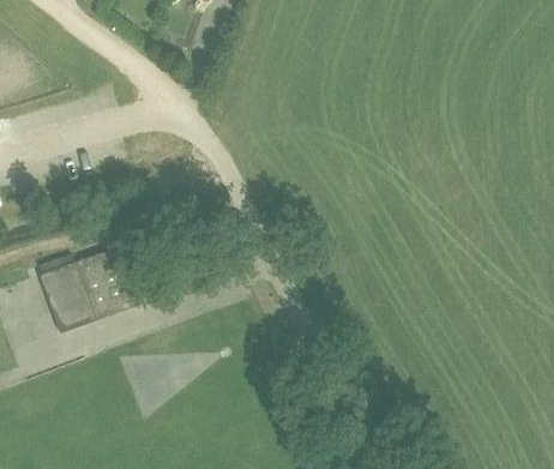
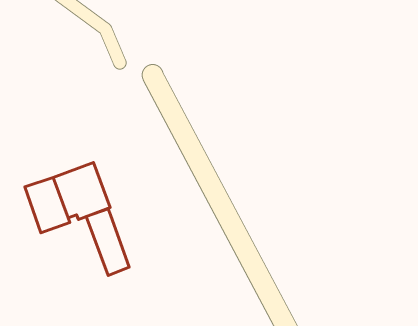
building: none -> [86,209,129,275]

